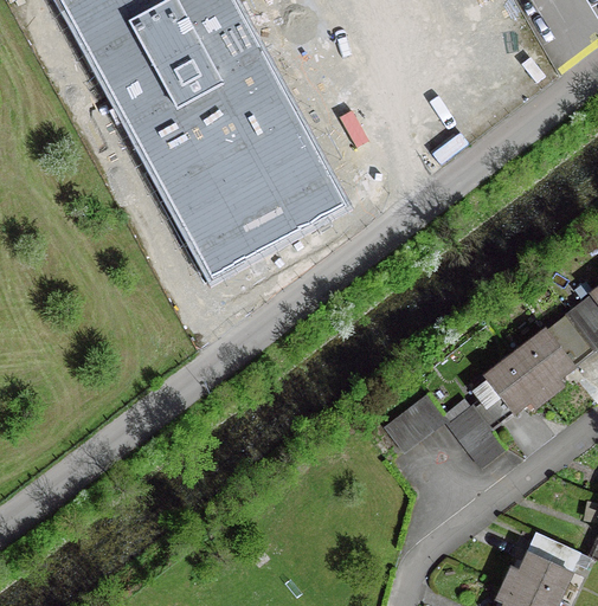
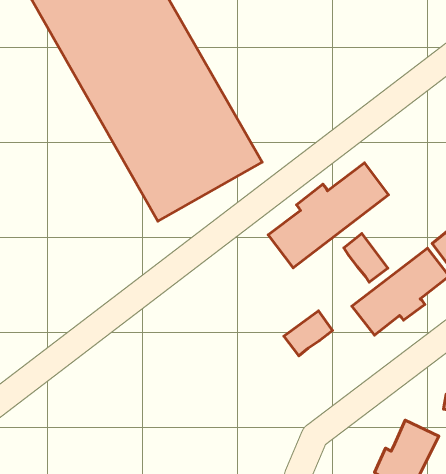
building: none -> [268,163,389,268]
building: [445,407,501,469] -> [344,234,388,282]

